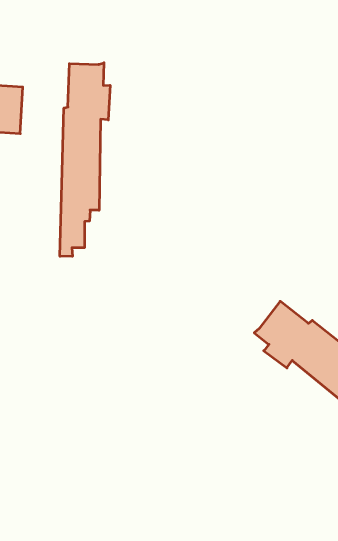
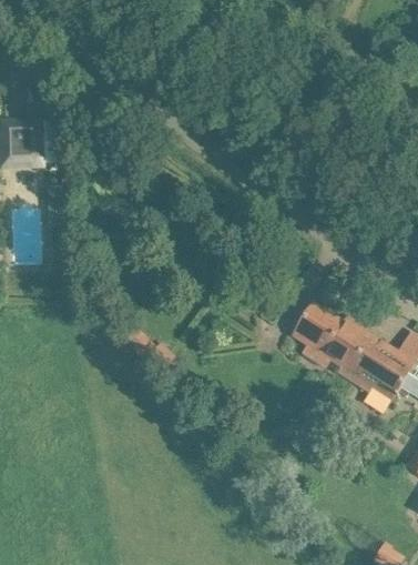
building: [60,63,110,256] -> none

